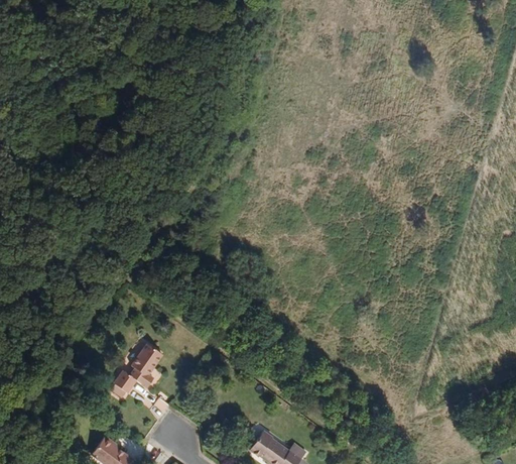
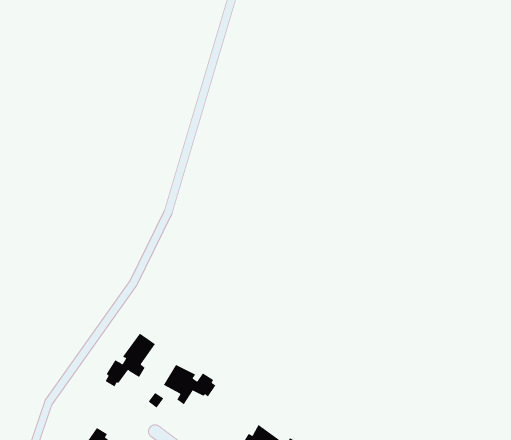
building: none -> [163,364,216,405]

